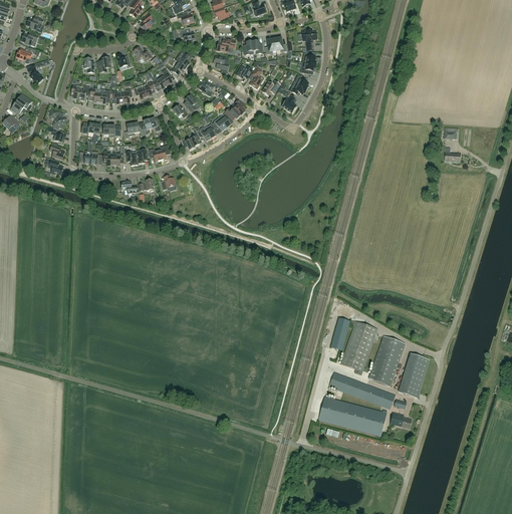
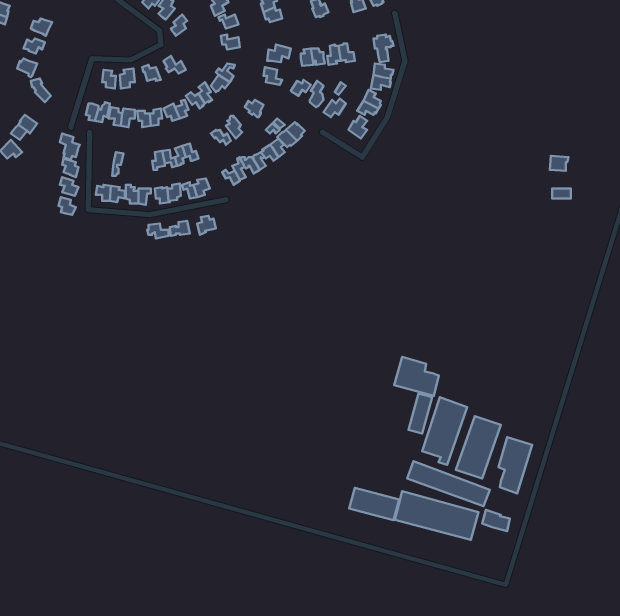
building: none -> [394,357,439,396]
building: none -> [349,488,399,520]

